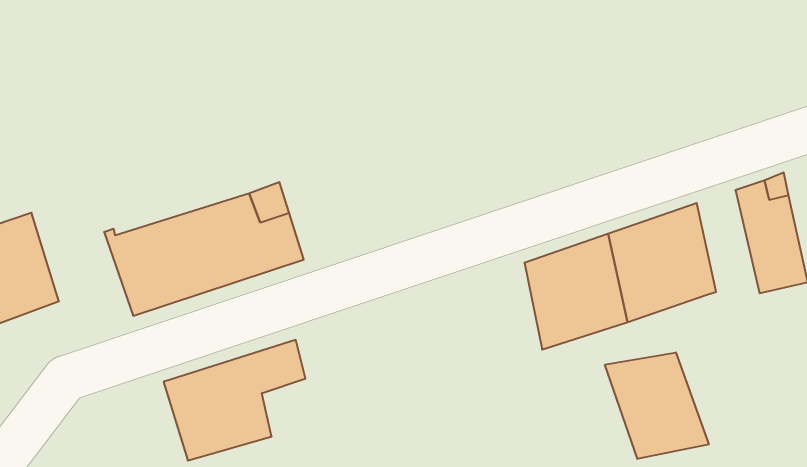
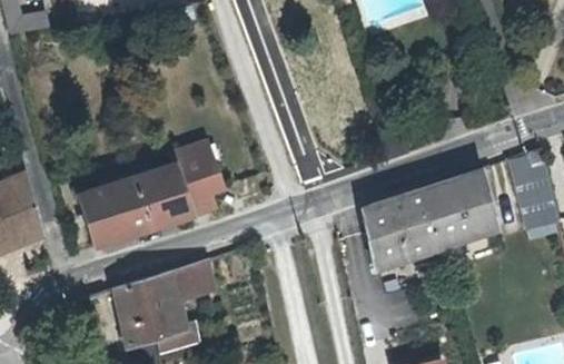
building: [605,352,709,459] -> none

